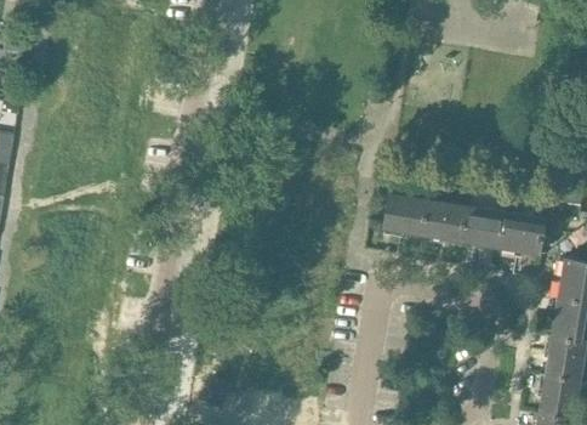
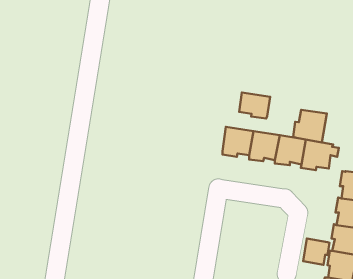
building: none -> [239,93,270,119]
building: none -> [293,110,327,142]
building: none -> [303,238,330,265]

